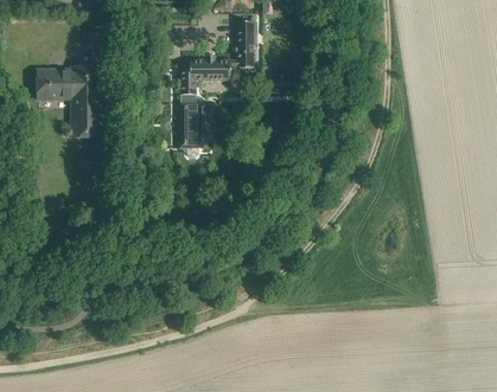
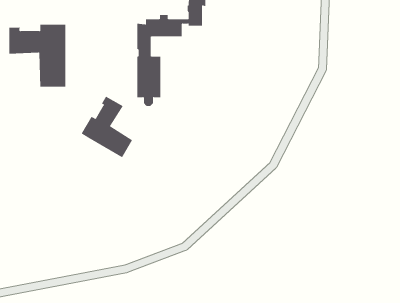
building: none -> [81,96,133,158]

